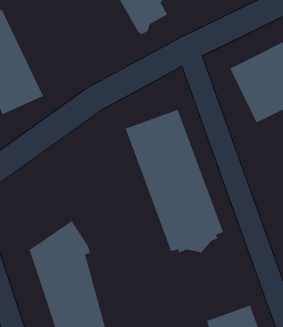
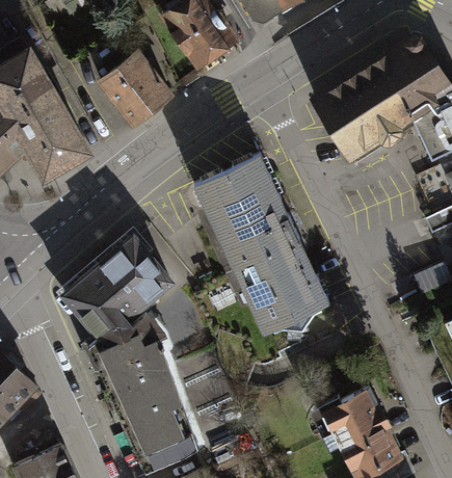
building: none -> [101,55,168,124]
building: none -> [64,237,169,338]

